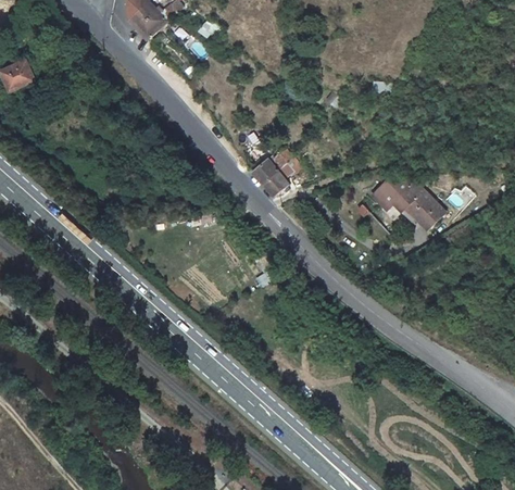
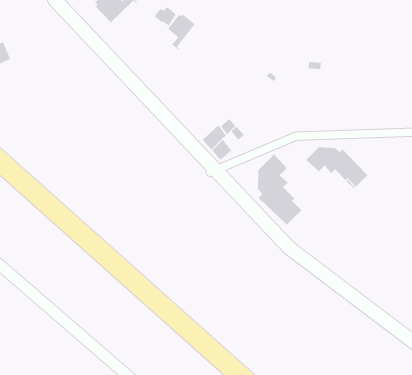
building: none -> [167,13,196,51]
building: none -> [257,154,302,226]

